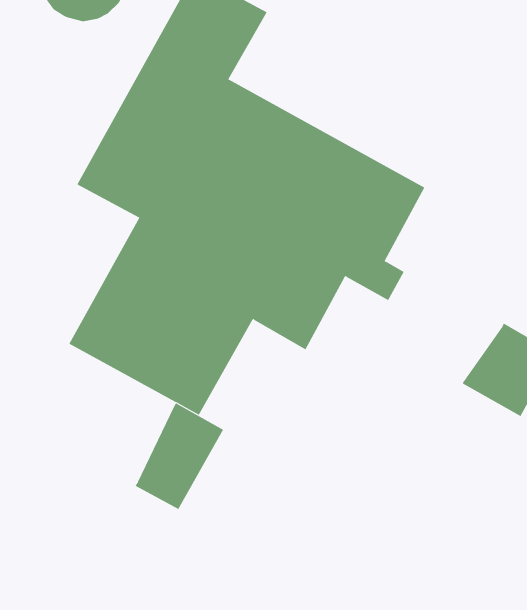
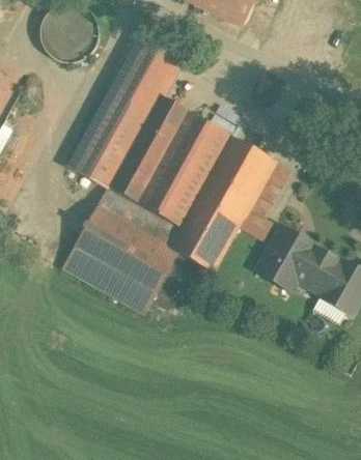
building: none -> [253,222,341,294]
building: [135,403,224,510] -> none

